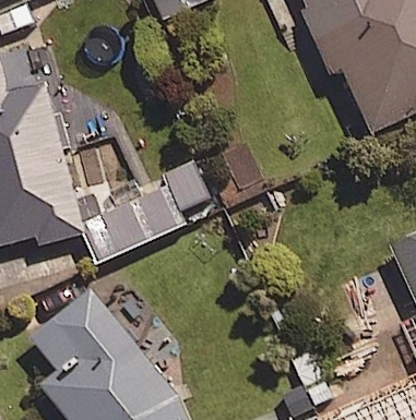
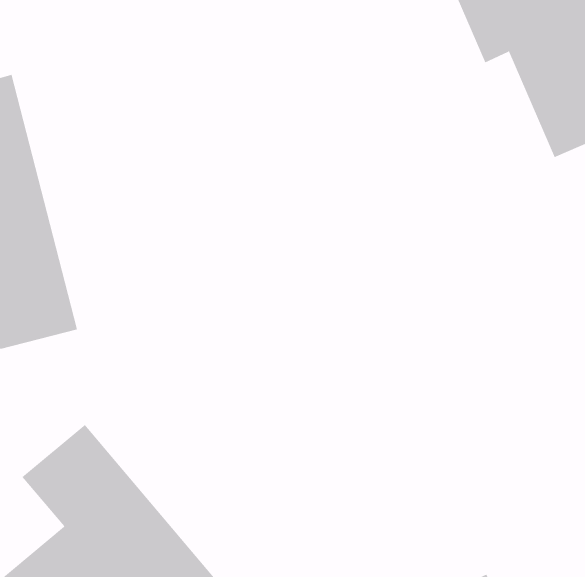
building: [83,160,210,260] -> none

